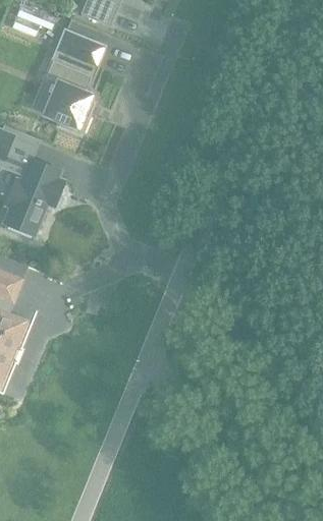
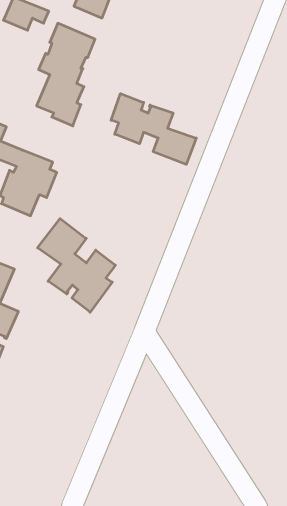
building: none -> [111,94,196,164]
building: none -> [38,219,115,312]

